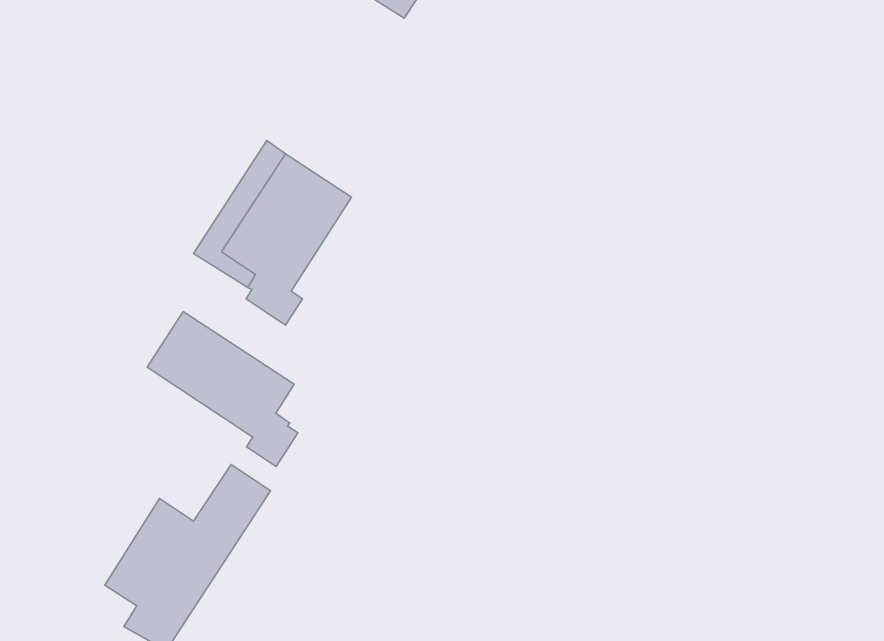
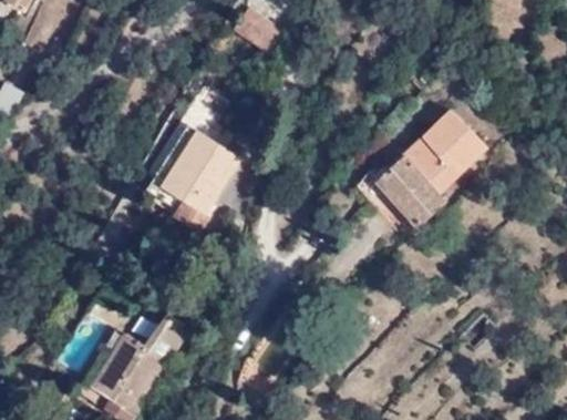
building: none -> [374,111,484,227]
building: [147,312,298,467] -> none

